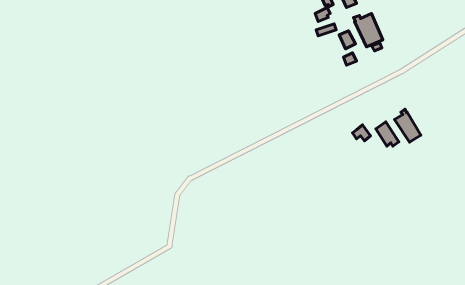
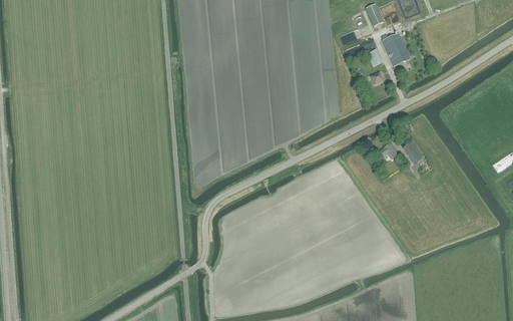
building: [395,109,421,142] -> none

